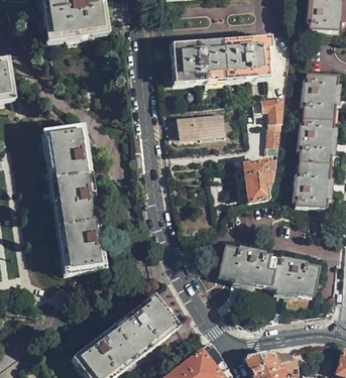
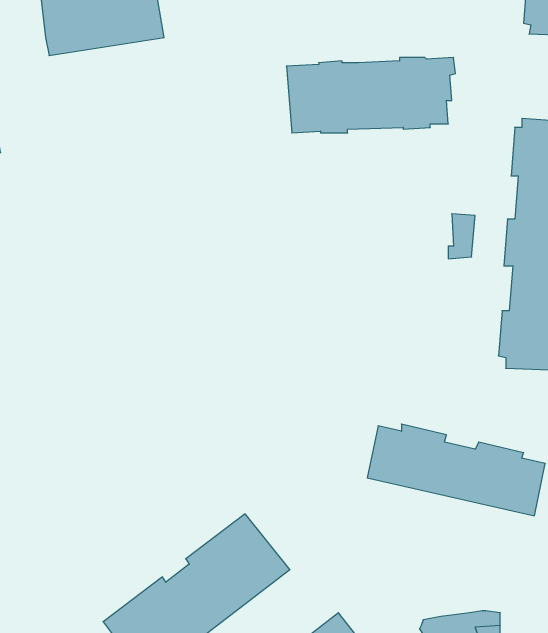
building: [261,96,282,122] -> none
building: [178,114,225,139] -> none
building: [43,125,103,274] -> none
building: [243,159,276,202] -> none

